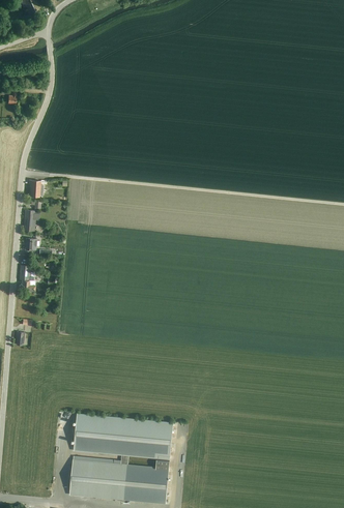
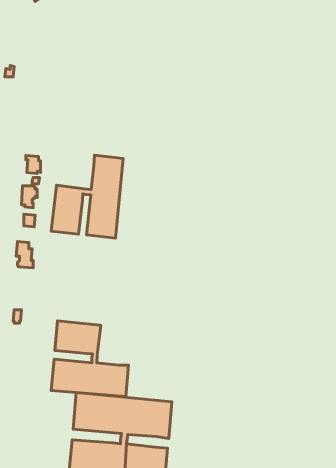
building: none -> [51,155,123,238]
building: none -> [51,321,129,396]

